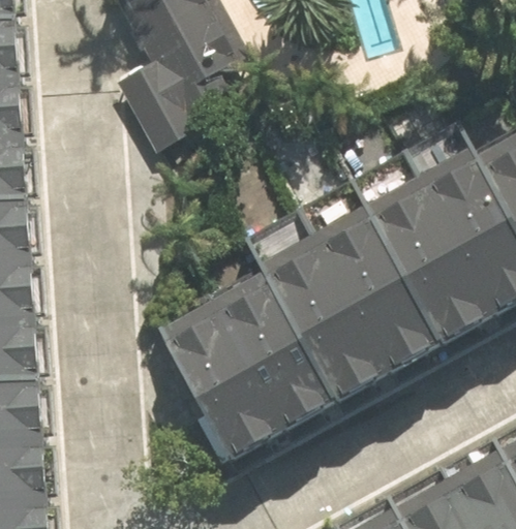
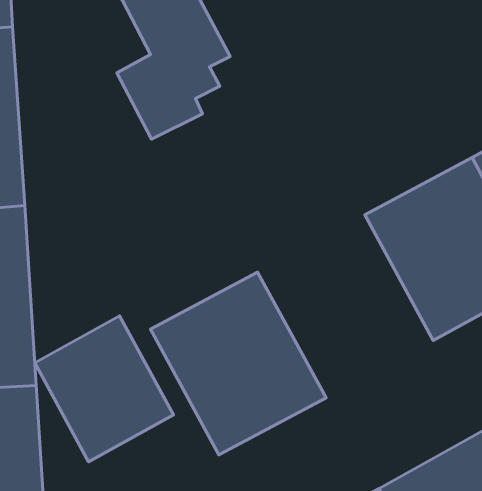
building: [263,218,441,403] -> none
building: none -> [35,316,173,462]

